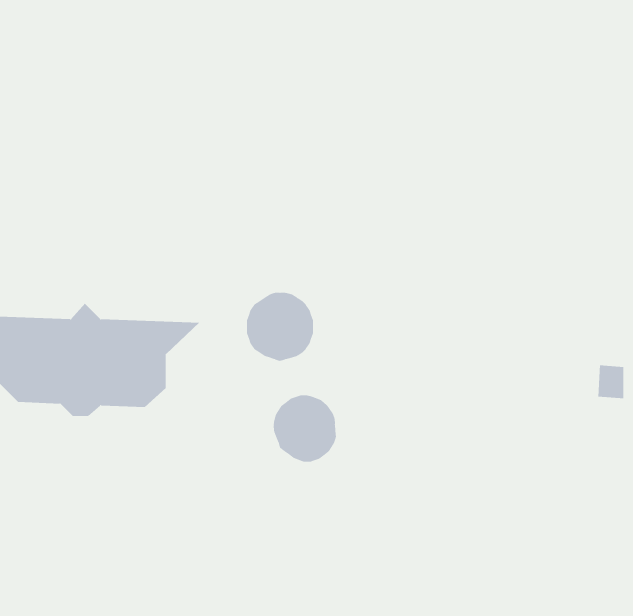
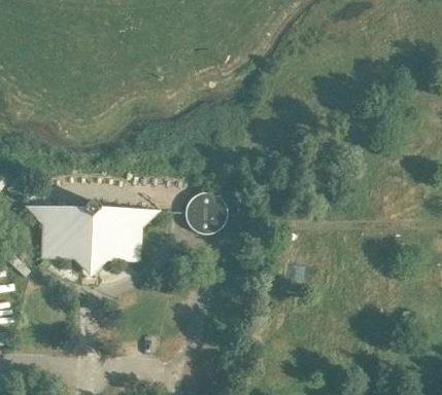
building: [273,395,336,463] -> none

